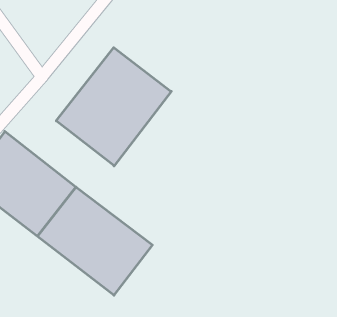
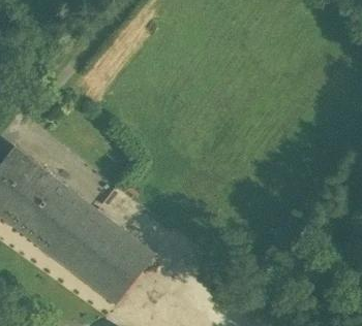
building: [56,48,171,166] -> none

